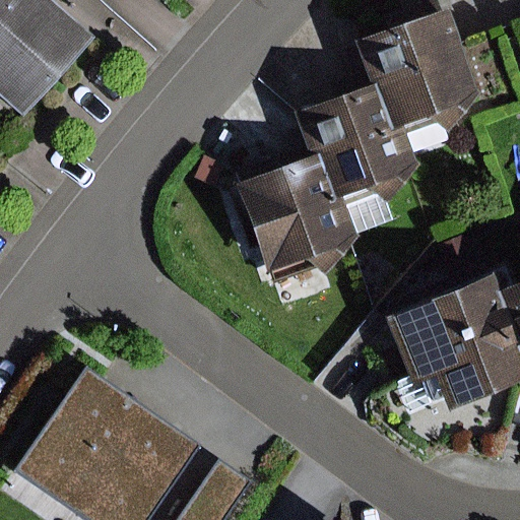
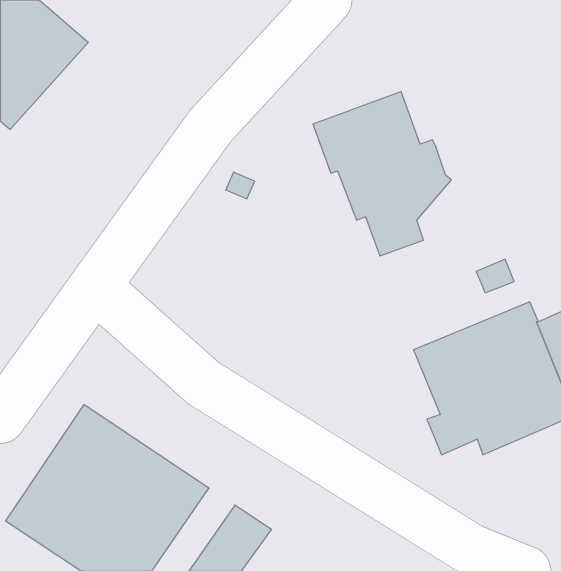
building: [354,8,481,151] -> none
building: [235,155,359,301] -> none

